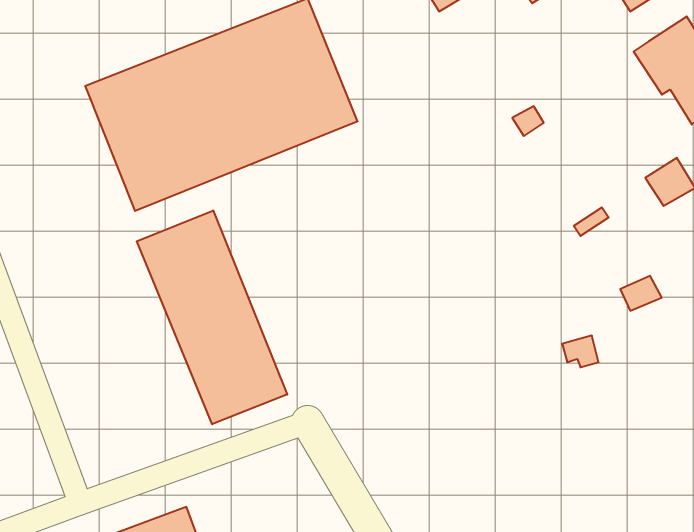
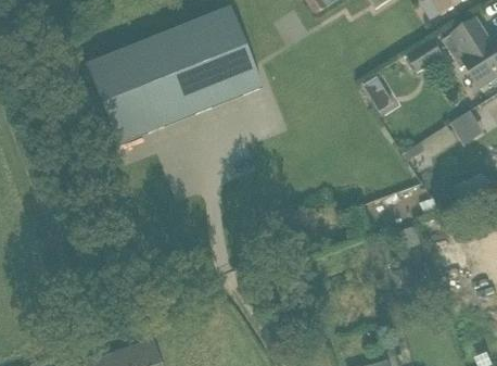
building: none -> [408,38,445,71]
building: [137,210,287,424] -> none

